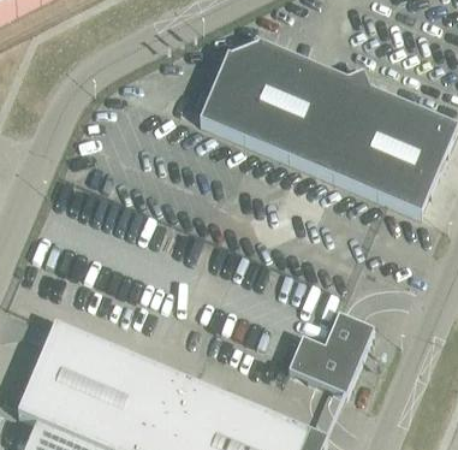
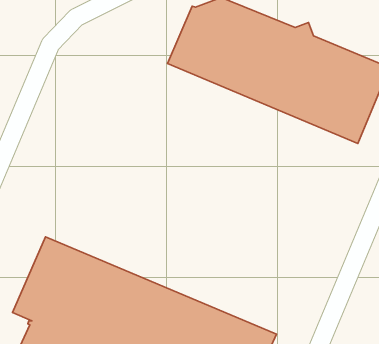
building: [286,310,371,392] -> none

